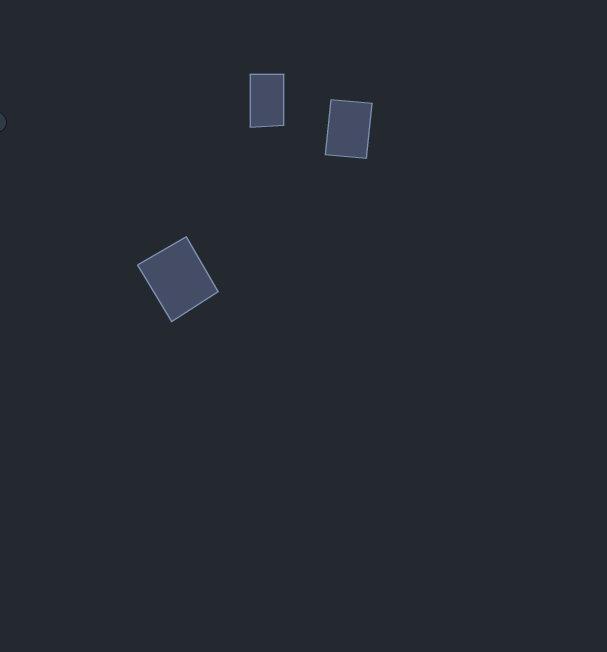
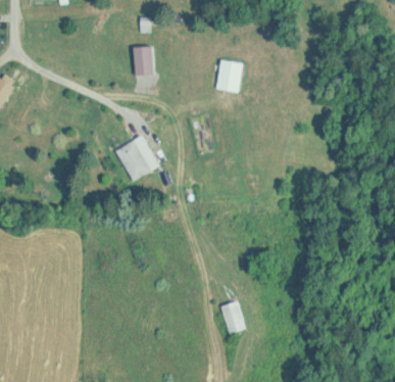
building: [250,74,284,127] -> [134,47,152,76]
building: none -> [219,299,246,333]

